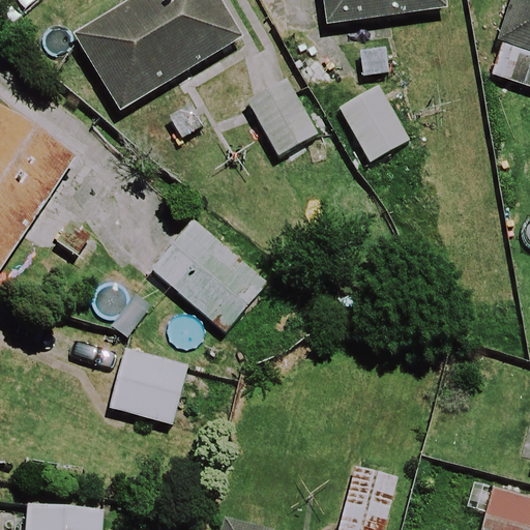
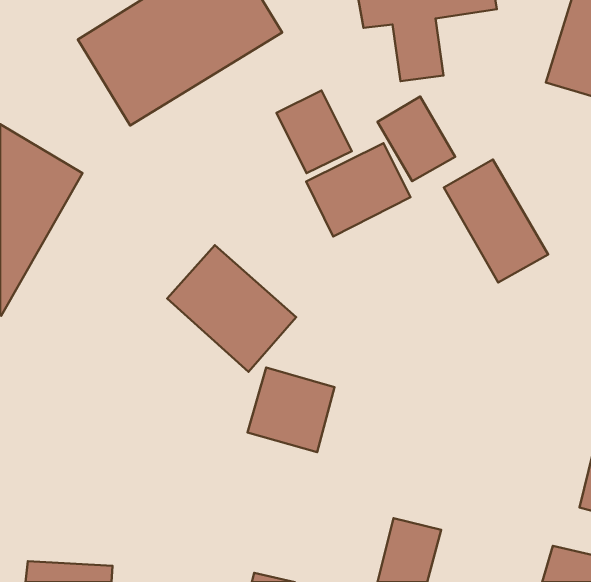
building: none -> [306,143,411,236]
building: none -> [444,159,548,282]
building: [109,347,186,422] -> [248,367,335,452]

